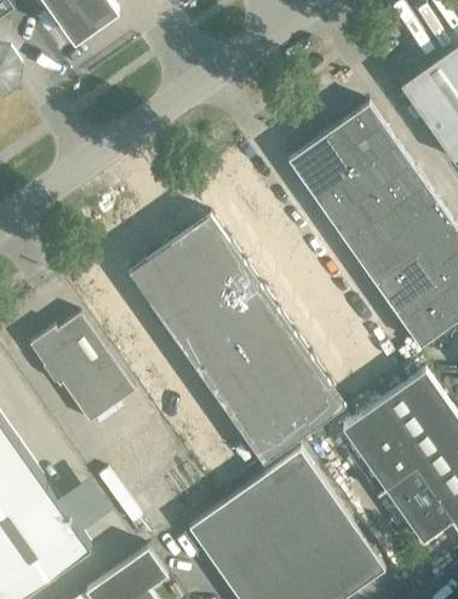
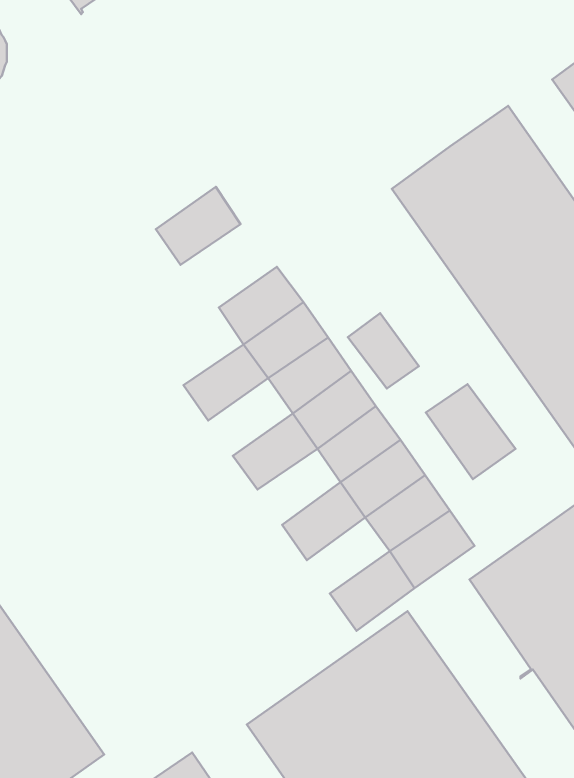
building: [128,242,187,295] -> [156,187,241,265]
building: none -> [348,313,419,389]
building: [162,290,221,344] -> none
building: none -> [426,384,515,479]
building: [29,315,134,424] -> none
building: [196,339,253,391] -> none
building: [230,386,287,438] -> none

